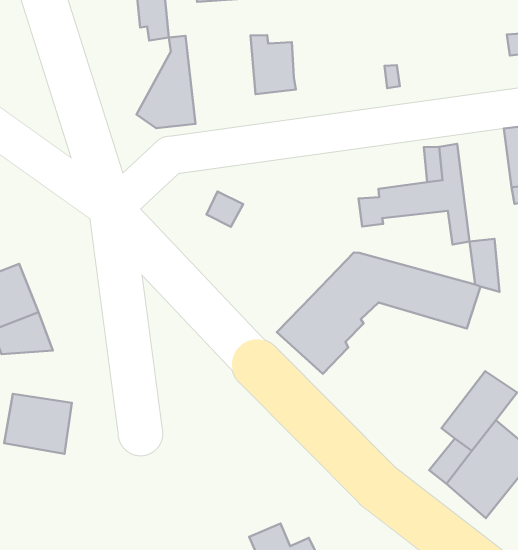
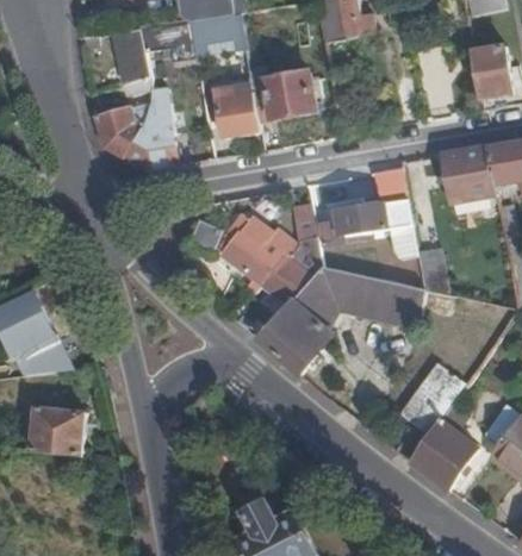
building: none -> [250,64,316,119]
building: none -> [92,104,150,160]
building: none -> [223,210,323,306]

